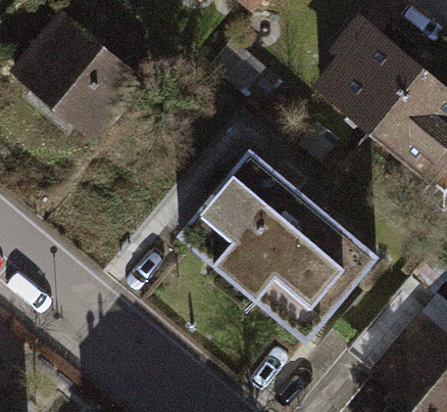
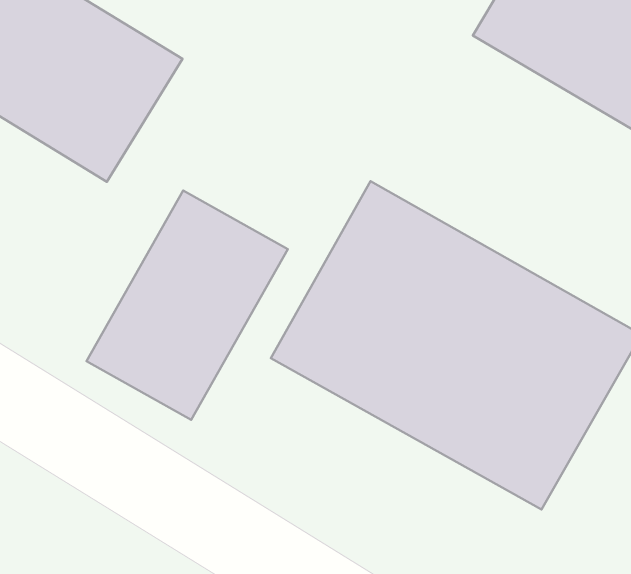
building: none -> [87,190,288,420]

